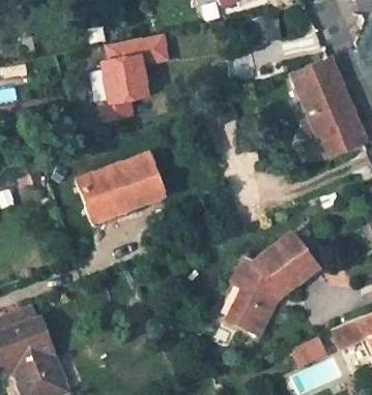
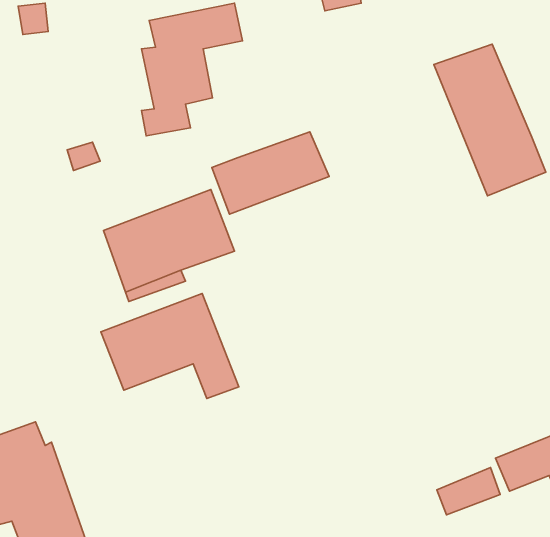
building: none -> [212,132,329,214]
building: none -> [101,294,239,399]
building: [227,234,318,338] -> none

